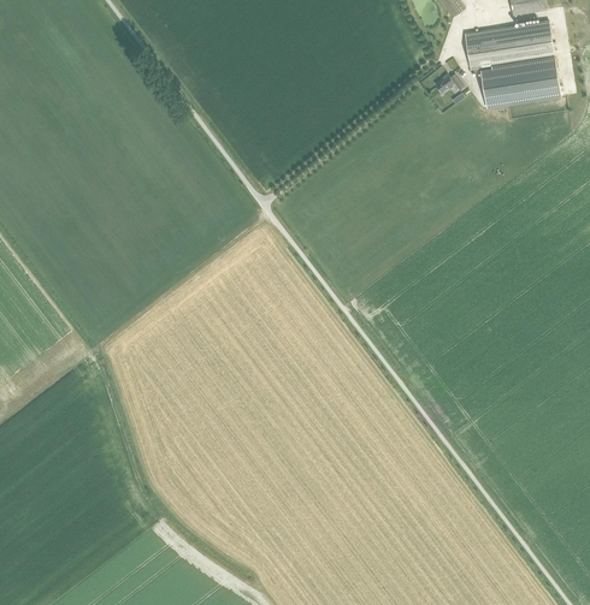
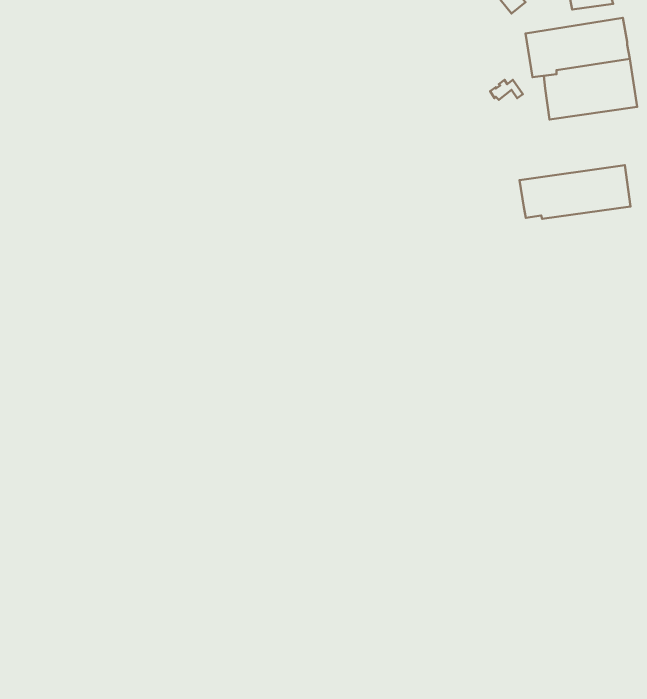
building: none -> [520,165,631,219]

